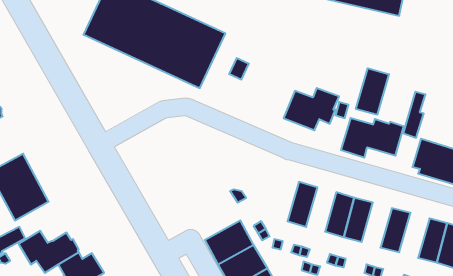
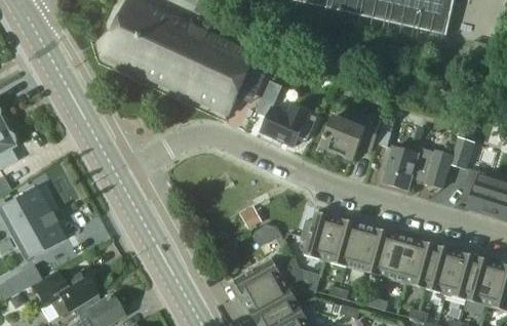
building: [356,68,389,115] -> none
building: none -> [262,107,316,147]
building: none -> [302,208,337,260]
building: none -> [345,223,378,272]
building: none -> [405,240,438,289]
building: none -> [446,251,479,300]

